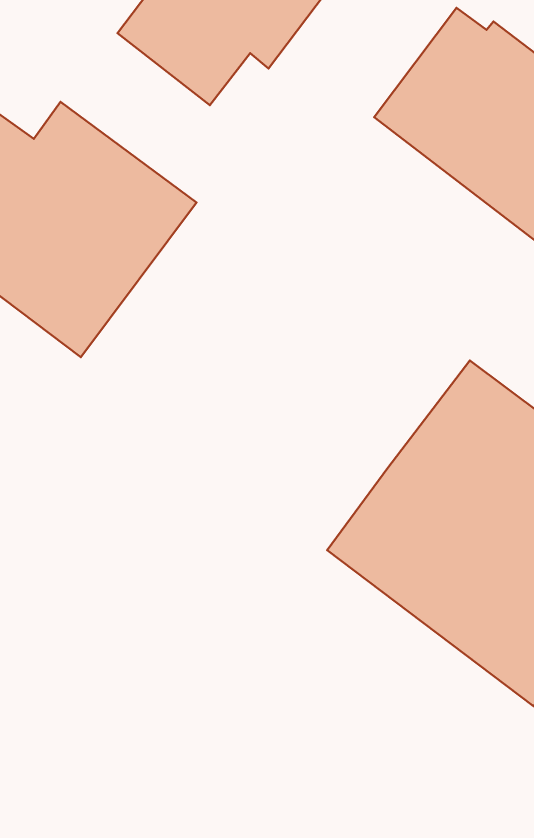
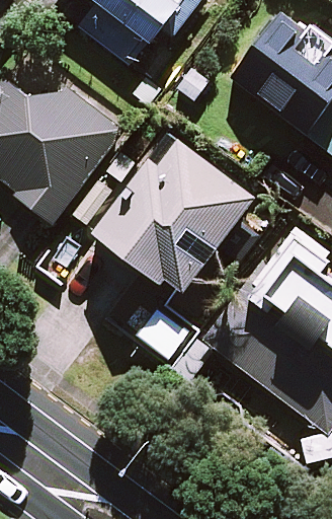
building: none -> [95,139,255,287]

